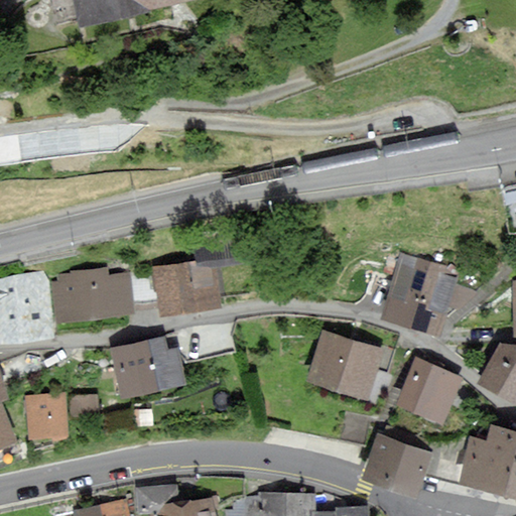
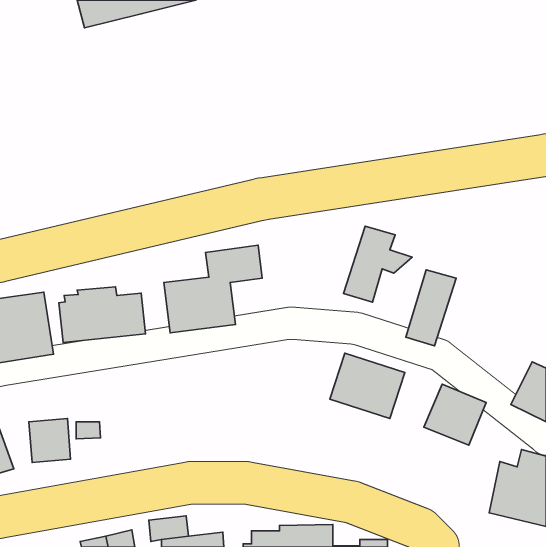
building: [409,262,474,334] -> [344,226,412,302]
building: [113,338,182,394] -> none
building: [368,436,427,488] -> none

